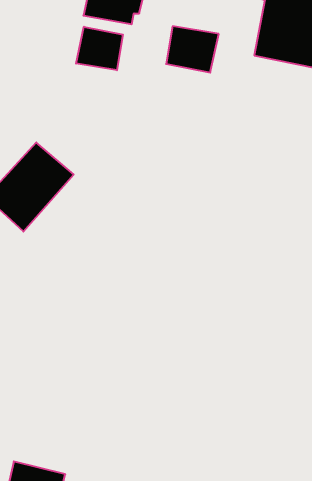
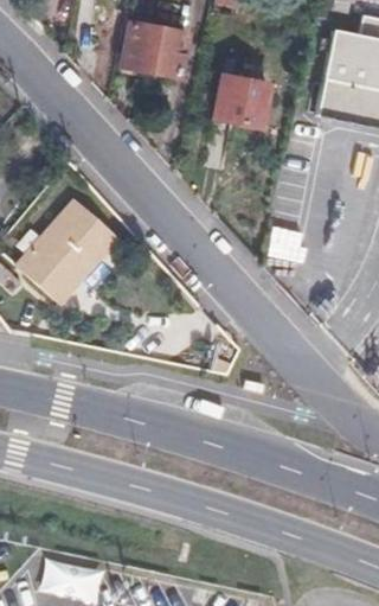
building: [76,27,123,70] -> none

